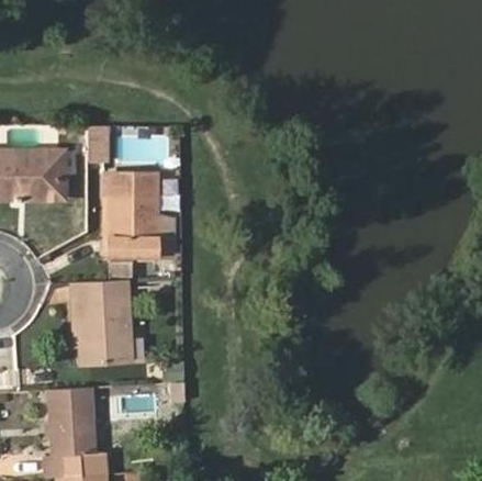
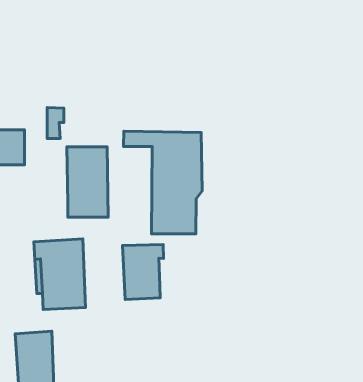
building: none -> [124,131,202,234]
building: none -> [123,244,164,299]

